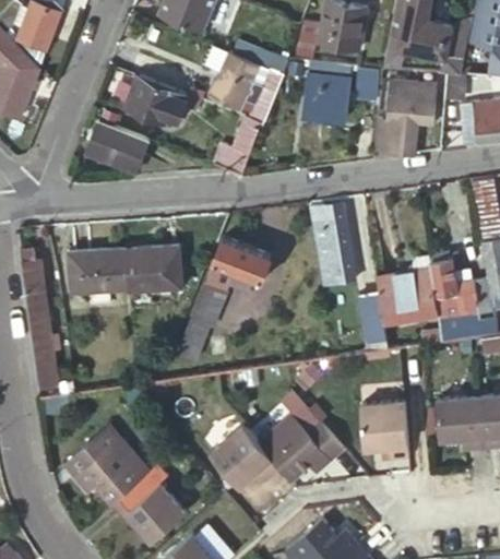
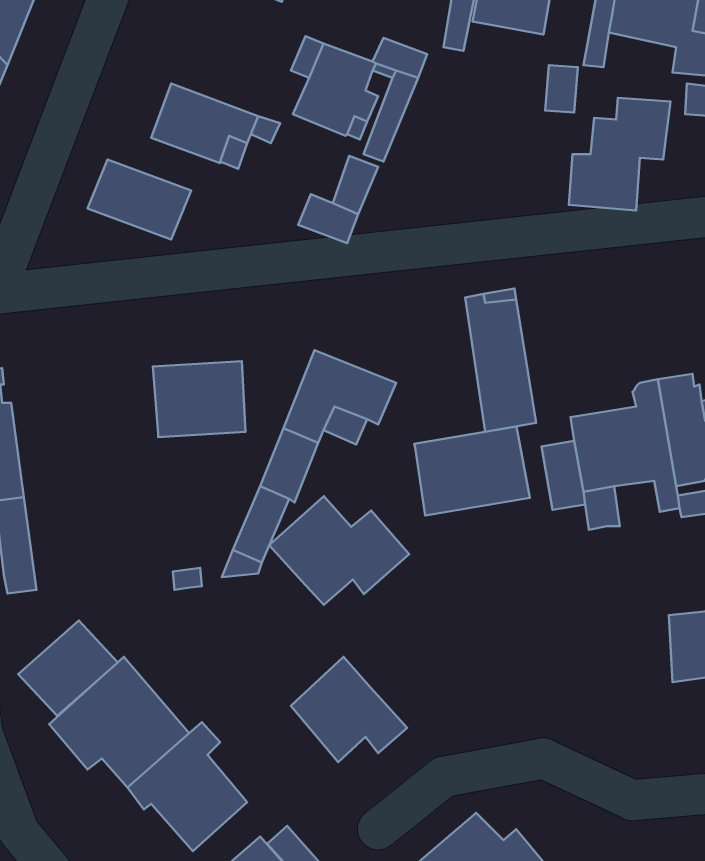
building: [306,73,350,121] -> none
building: [69,249,129,292] -> none
building: none -> [414,426,530,516]
building: [359,400,407,457] -> none
building: none -> [18,621,118,716]
building: [257,413,341,478] -> [269,496,409,605]

